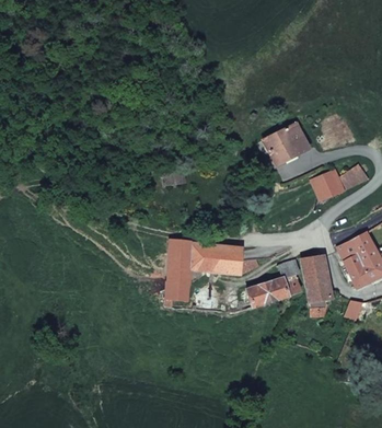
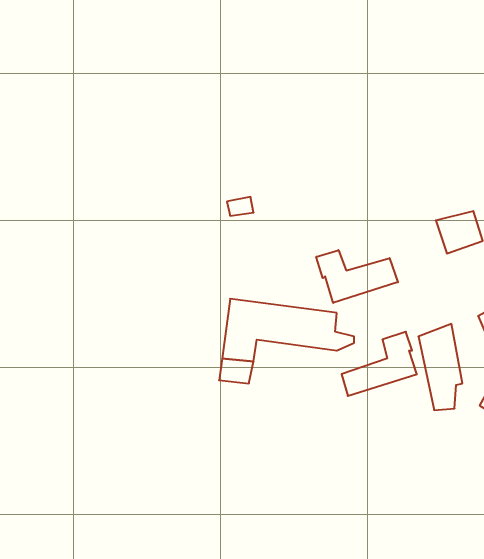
building: [268,125,313,162] -> none
building: none -> [316,250,398,303]

